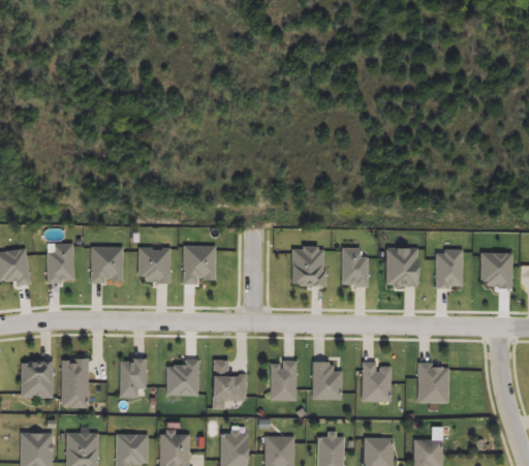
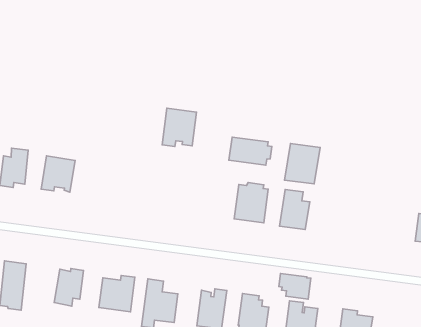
building: none -> [229,137,272,165]
building: [184,245,215,283] -> [162,108,197,147]
building: [384,246,416,284] -> [285,144,320,184]
building: [138,247,169,282] -> none
building: [436,248,462,283] -> none
building: none -> [279,273,311,299]

